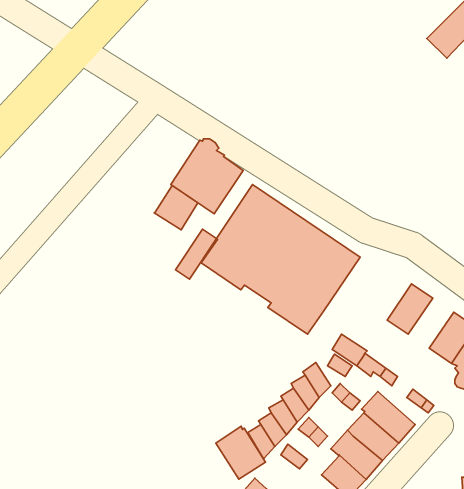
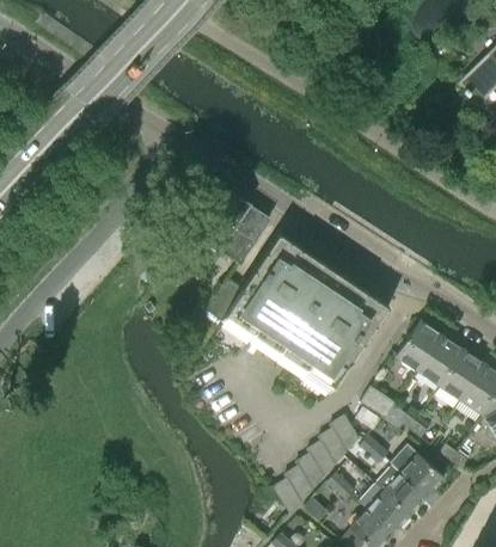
building: [154,186,198,230] -> none
building: none -> [394,320,441,371]
building: none -> [437,349,484,400]
building: [216,426,266,479] -> none

